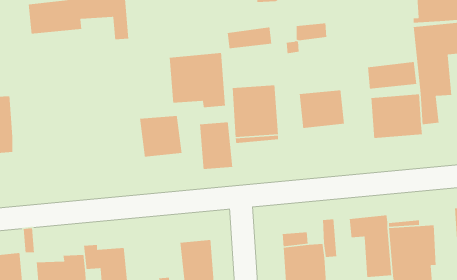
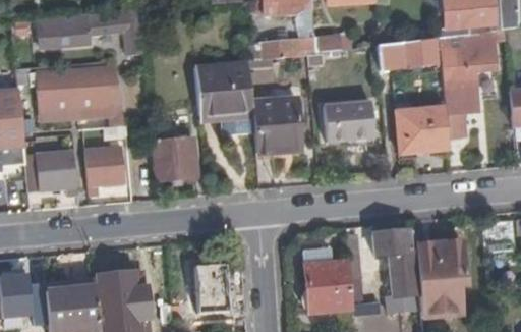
building: none -> [19,63,129,140]
building: [367,61,417,90] -> [384,40,436,69]
building: [199,121,233,170] -> none
building: none -> [85,145,125,195]
building: none -> [25,150,77,193]

